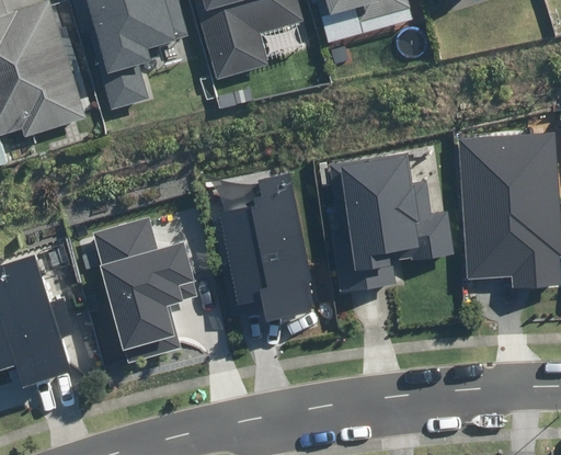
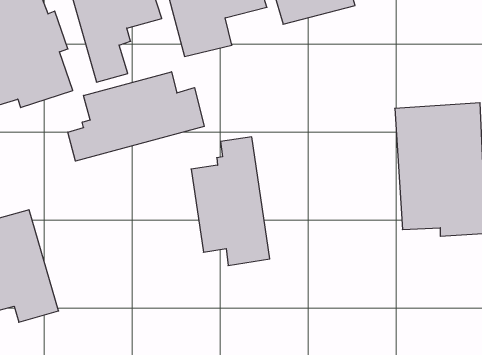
building: none -> [68,72,204,161]
building: [330,153,455,292] -> none
building: [91,217,196,364] -> none

